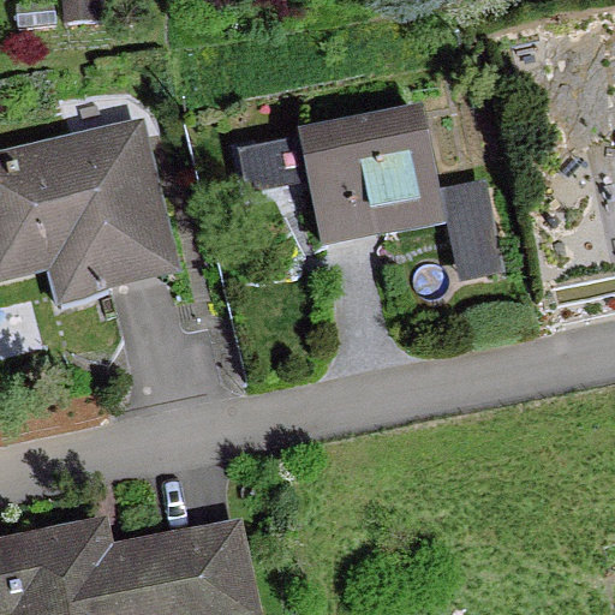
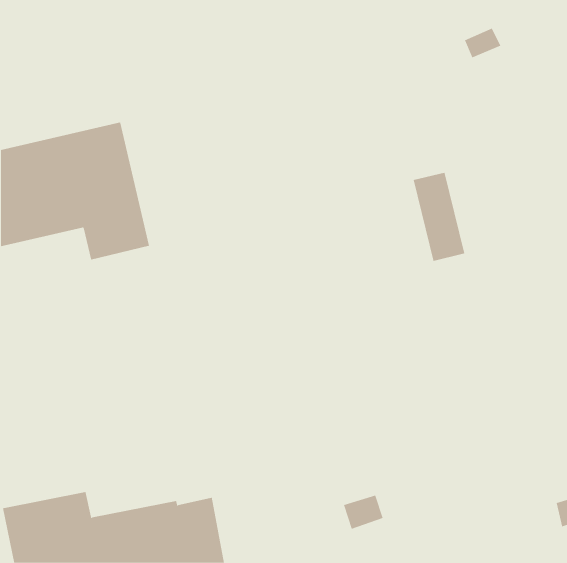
building: [243,113,438,231] -> none

